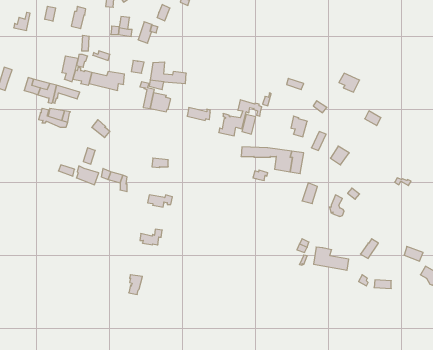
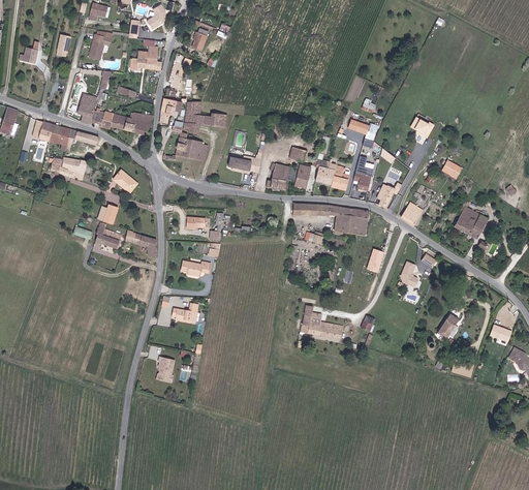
building: none -> [315,165,349,188]
building: none -> [455,206,489,239]
building: [314,247,349,270] -> [301,311,343,339]

